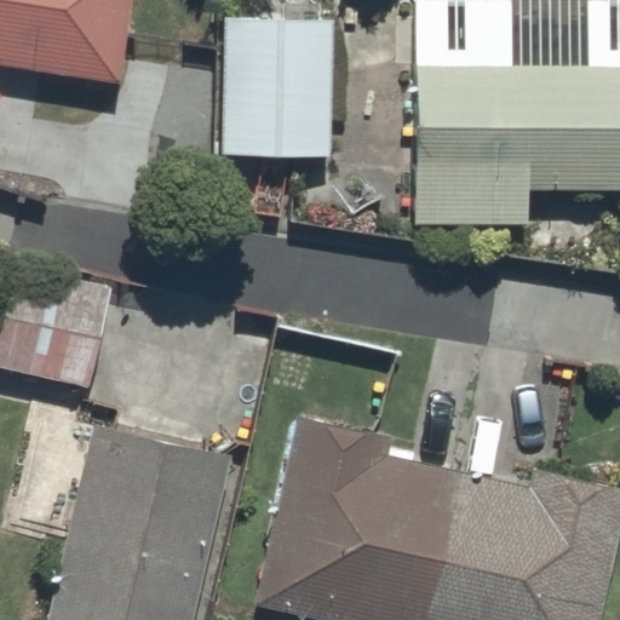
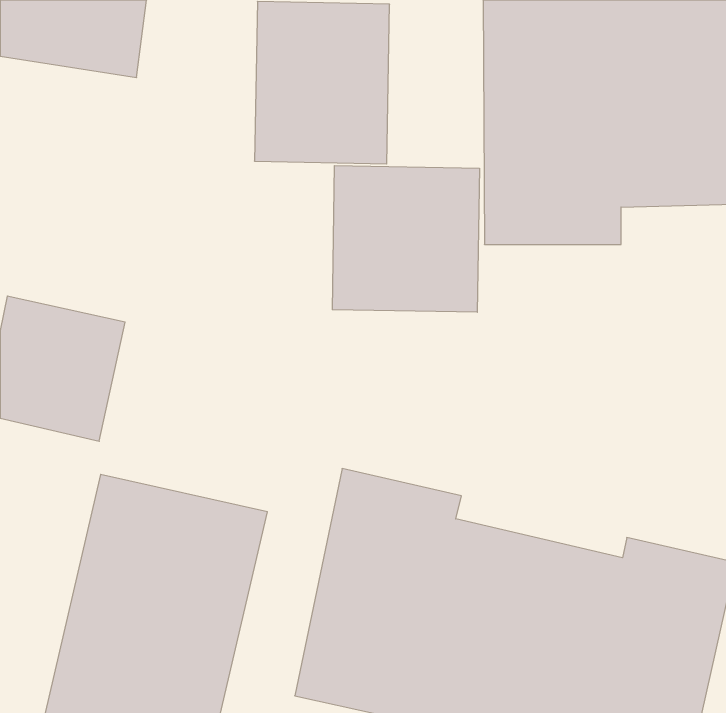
building: none -> [332,166,479,312]

